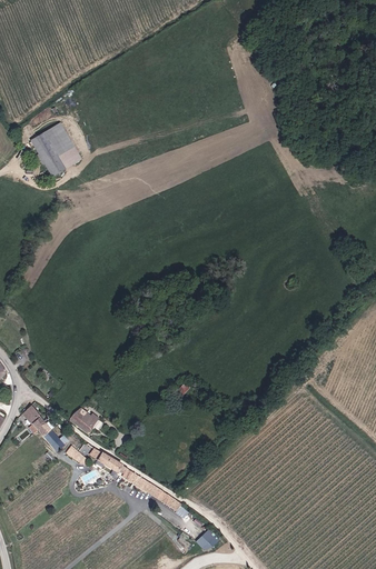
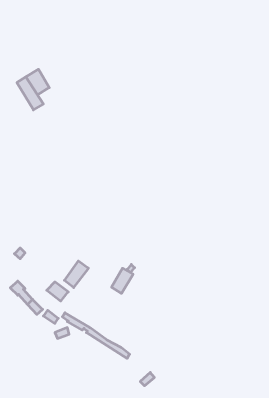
building: none -> [64,261,88,288]
building: none -> [112,268,133,293]

